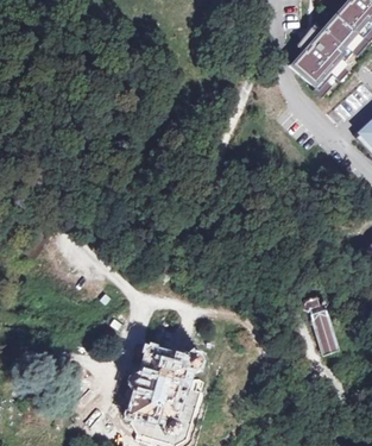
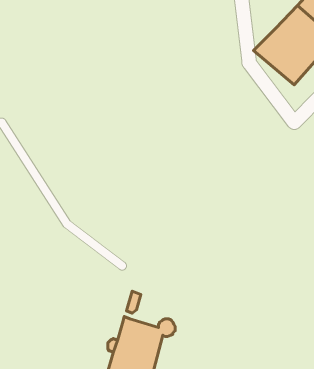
building: [302,295,338,352] -> none

